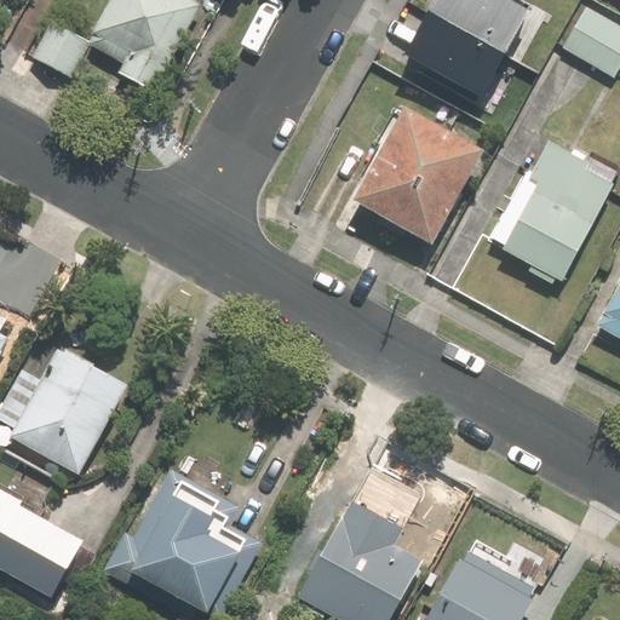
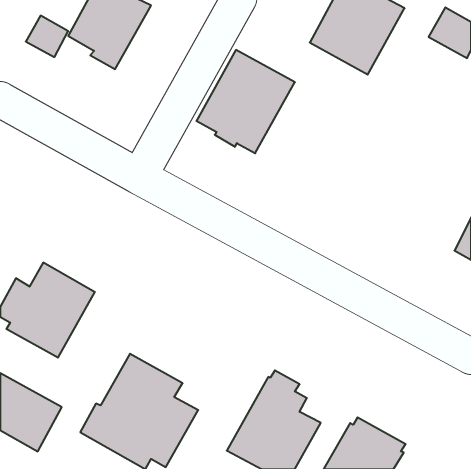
building: [352,114,482,249] -> [196,50,295,153]
building: [492,148,614,286] -> none

